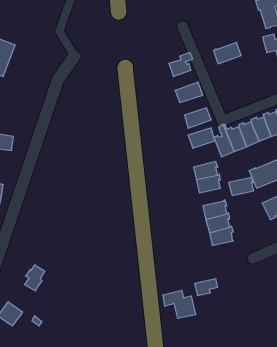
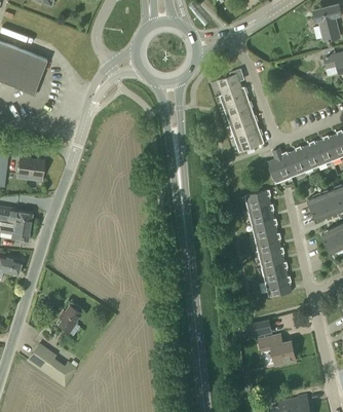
building: [213,42,241,64] -> [219,86,250,110]
building: [188,128,215,148] -> [229,115,259,138]
building: [229,177,254,195] -> [251,218,278,238]
building: none -> [265,275,295,297]
building: [163,290,196,318] -> [259,334,296,365]

